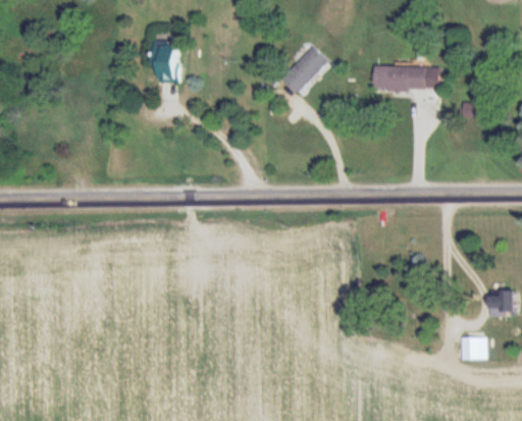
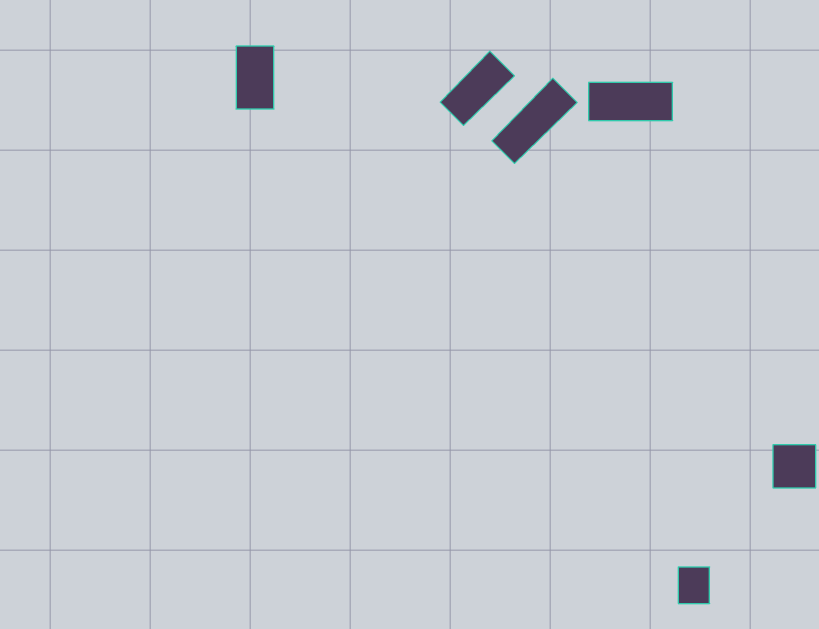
building: none -> [492,78,577,163]
building: [462,336,481,359] -> [678,567,710,603]

